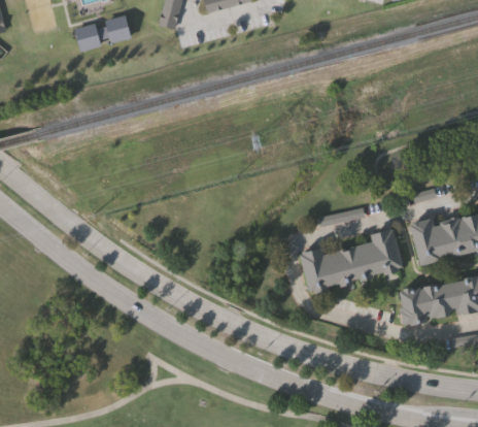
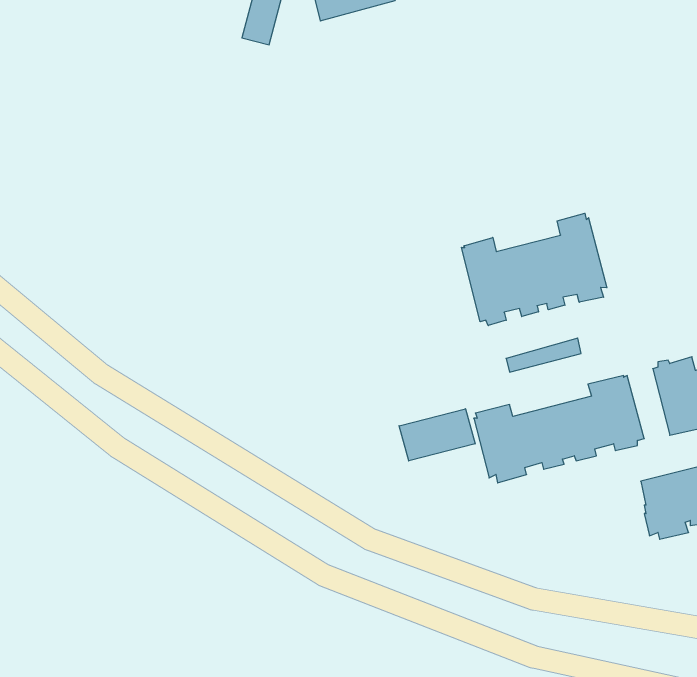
building: [73,12,133,51] -> none
building: none -> [461,213,607,326]
building: none -> [399,409,475,461]

